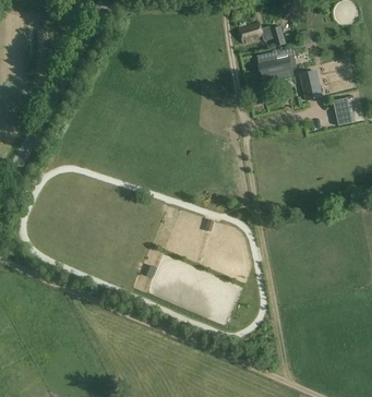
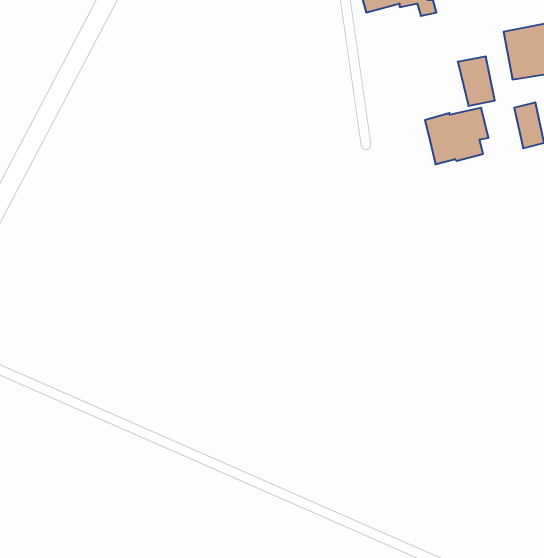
building: [253,48,292,83] -> [425,108,488,164]

